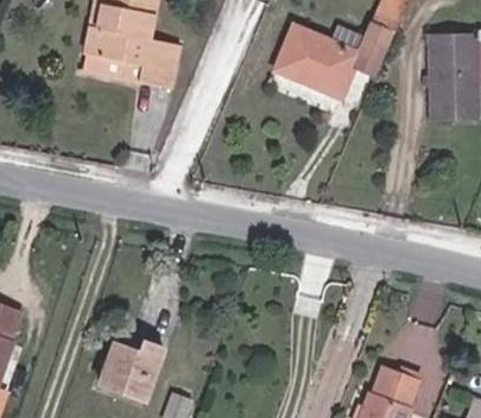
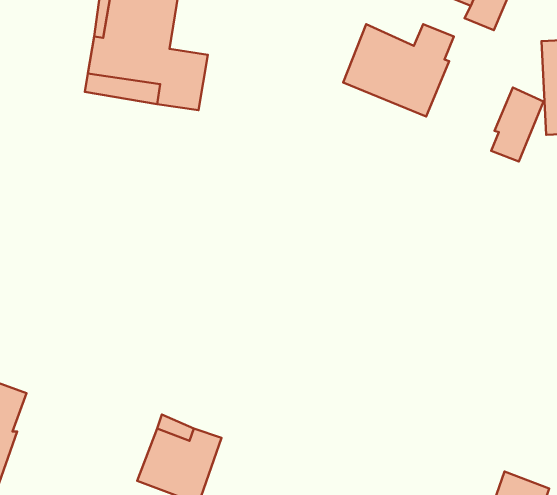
building: [349,20,390,77] -> [491,88,544,161]

